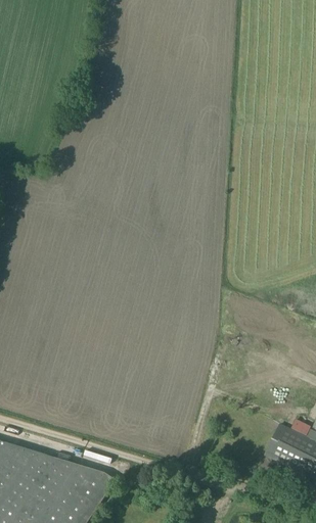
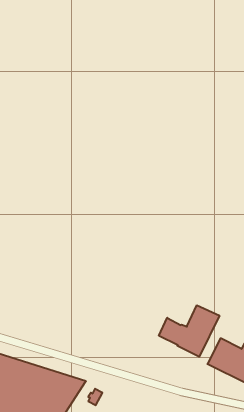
building: none -> [159,305,219,357]

